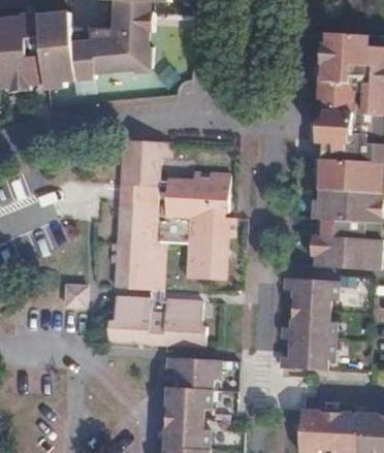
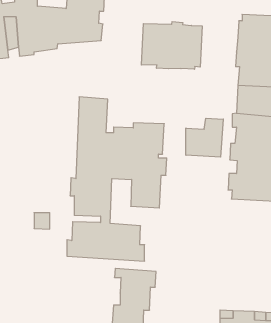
building: none -> [141,22,202,69]
building: none -> [186,118,223,157]
building: [280,278,337,370] -> none

